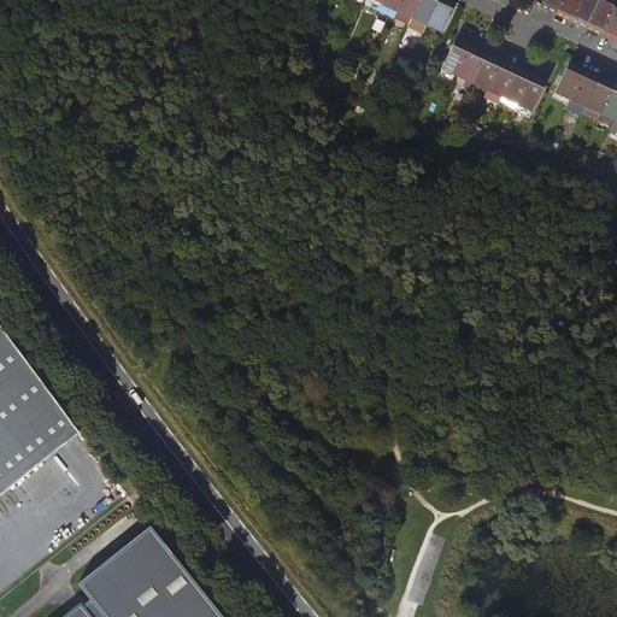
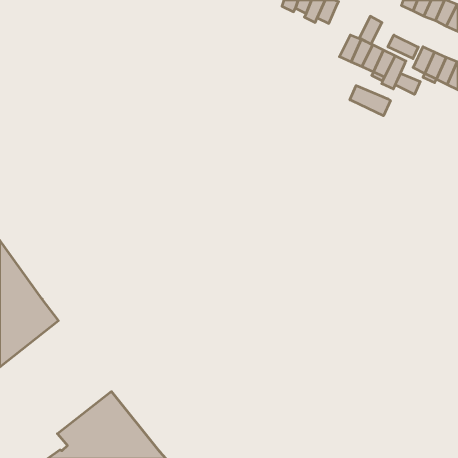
building: [440,40,470,77] -> [359,16,382,44]
building: none -> [388,35,418,59]
building: none -> [395,74,420,94]
building: none -> [350,86,390,116]

